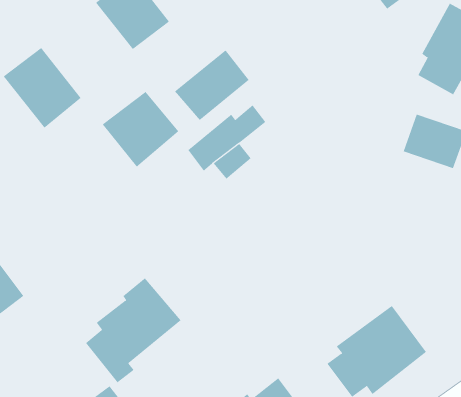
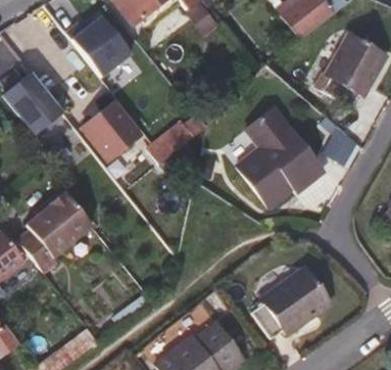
building: [174,49,250,121] -> none
building: none -> [237,108,323,205]
building: [85,278,181,383] -> [16,191,90,272]

